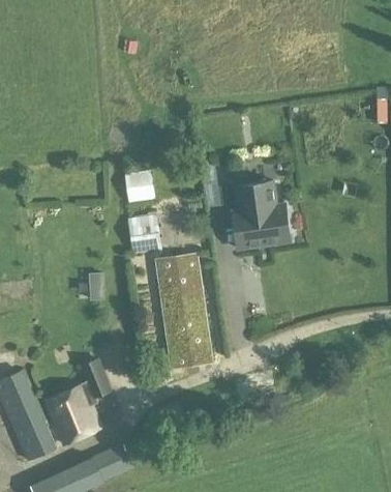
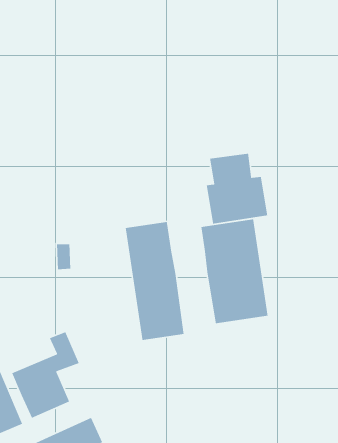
building: [125,173,153,202] -> none
building: [127,213,160,253] -> none
building: none -> [200,218,269,324]

